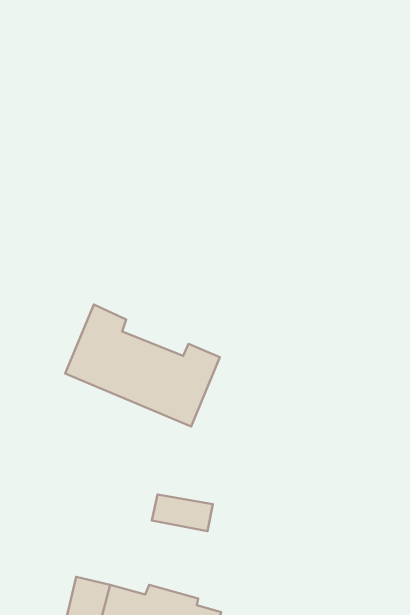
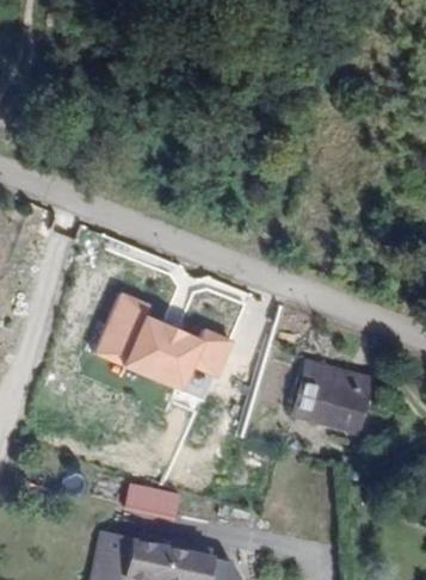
building: none -> [291,362,371,432]
building: [152,495,213,531] -> [129,492,183,524]

